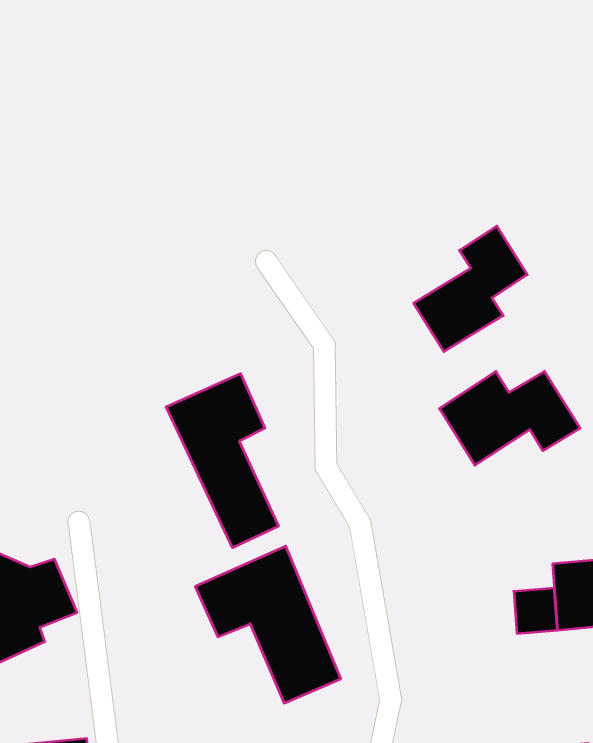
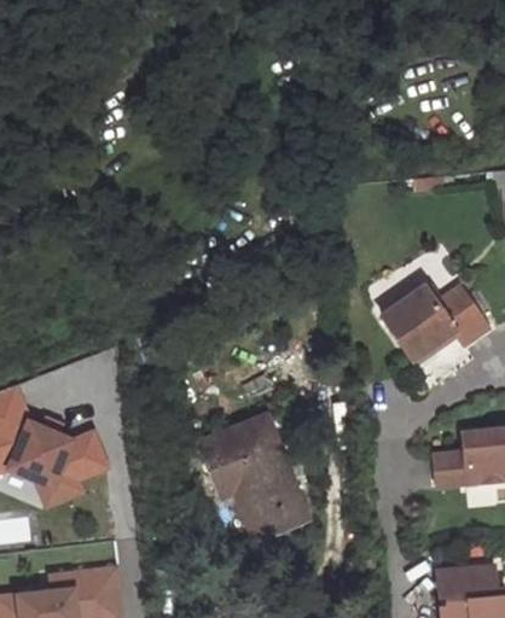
building: [414,226,527,352] -> none
building: [166,374,278,548] -> none

